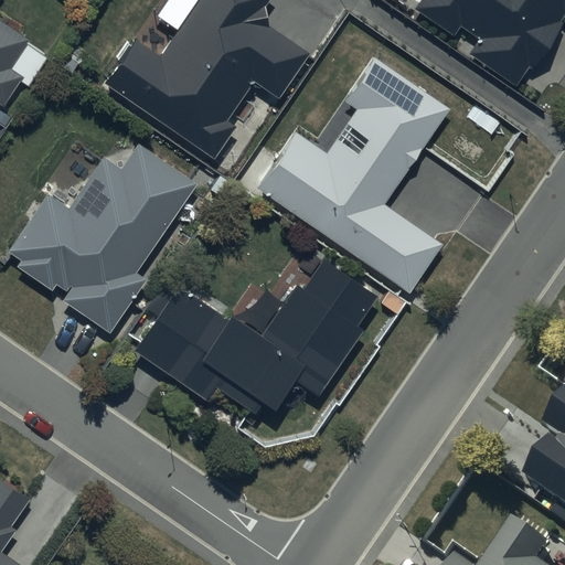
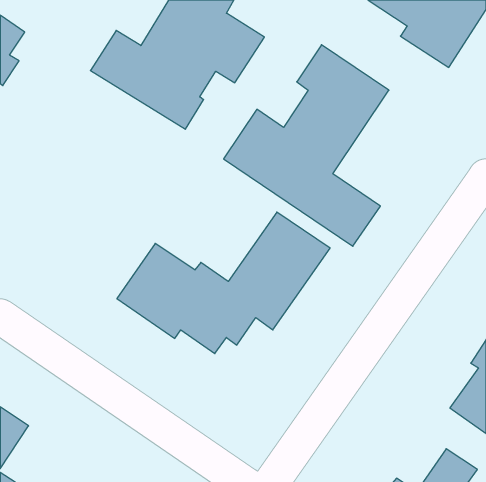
building: [10,147,194,328] -> none

